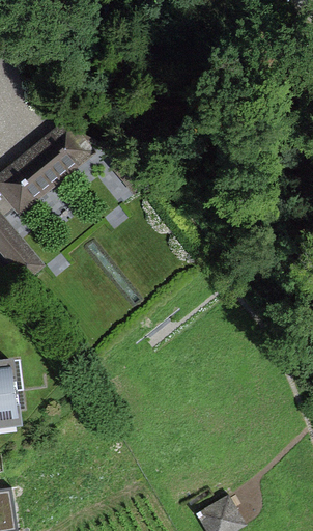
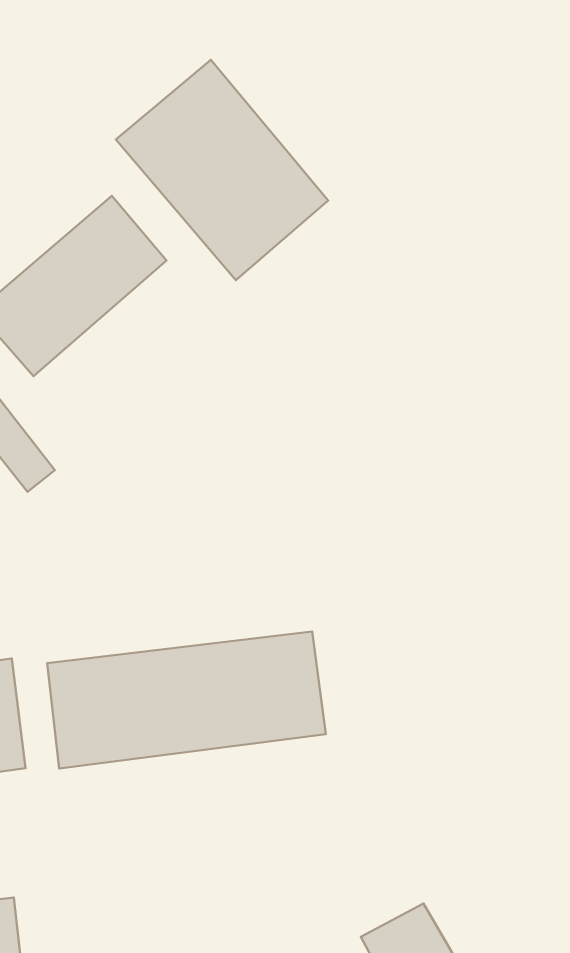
building: none -> [116,60,328,280]
building: none -> [47,631,326,768]

